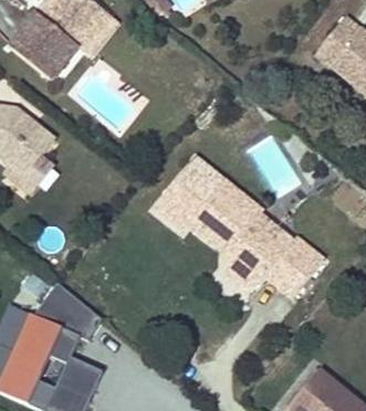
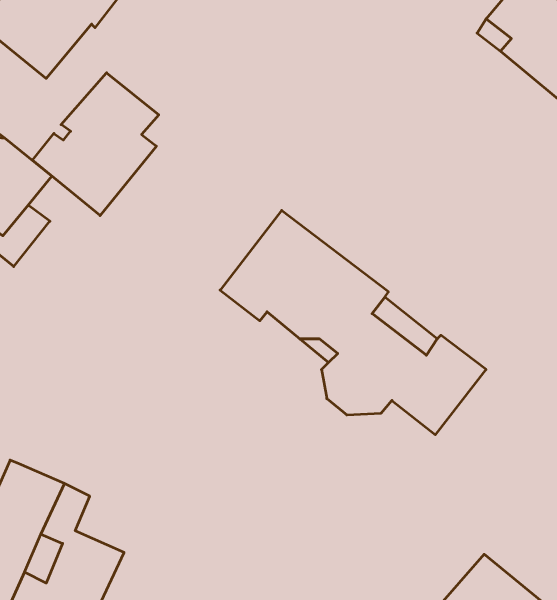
building: none -> [32,73,159,216]
building: [35,284,96,335] -> none

